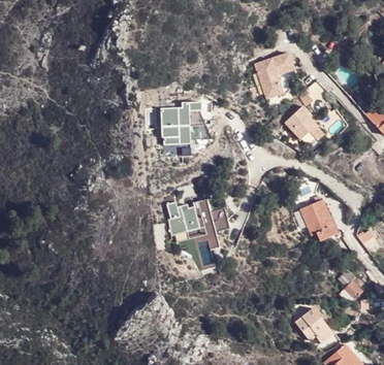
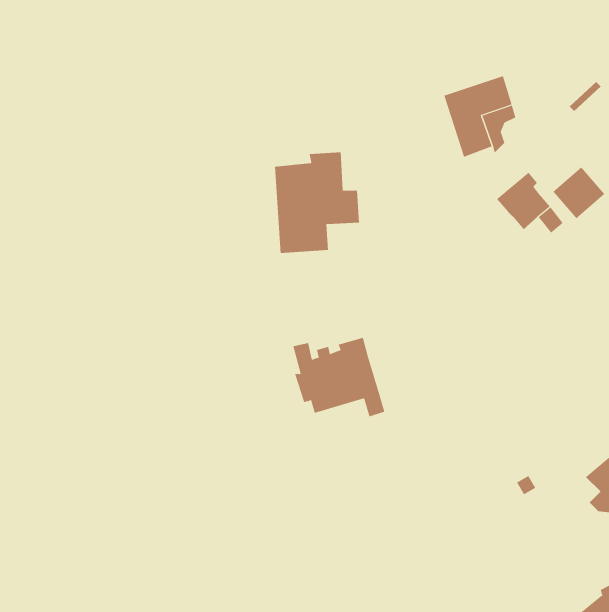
building: [300,201,339,243] -> none
building: [293,309,332,345] -> none

